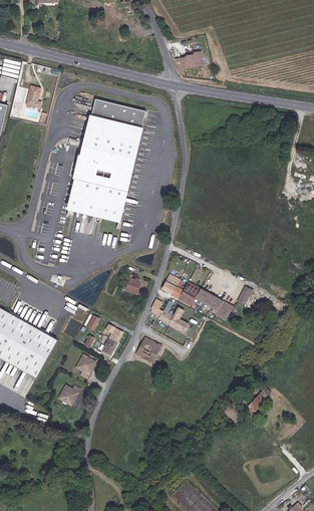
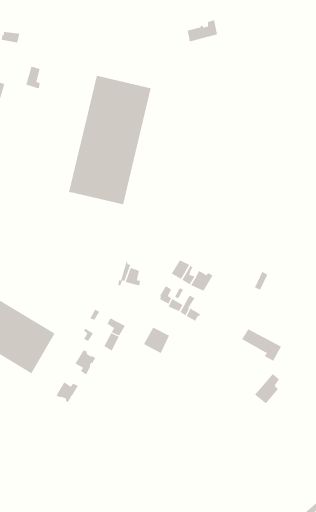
building: [198,287,236,318] -> [241,328,282,362]

